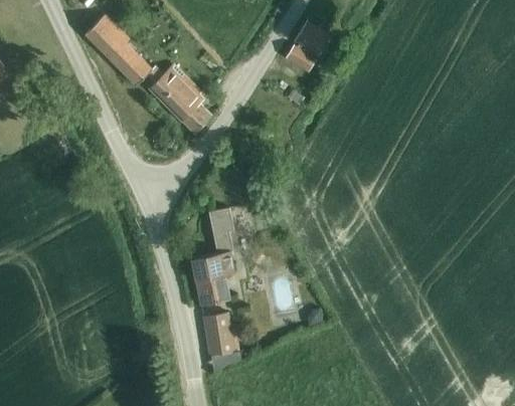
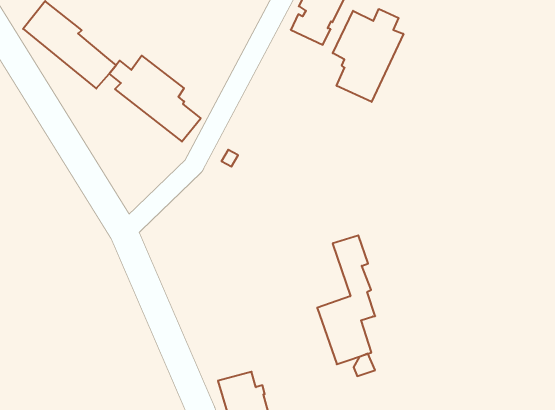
building: none -> [333,9,403,102]
building: [192,209,235,304] -> [317,235,375,364]

